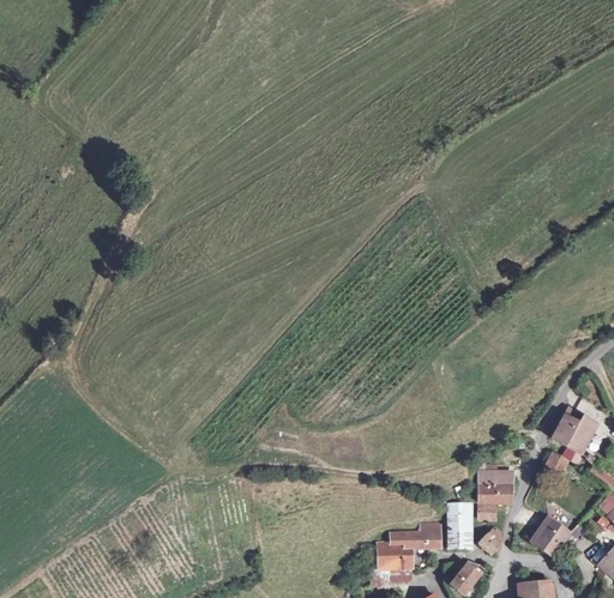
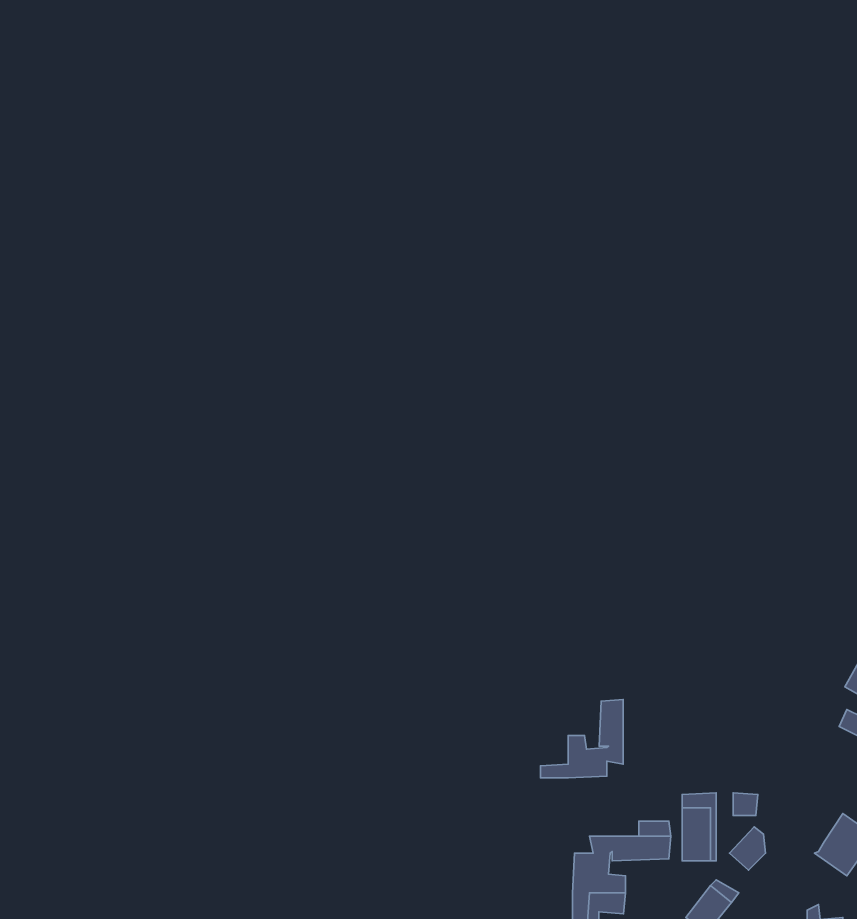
building: none -> [540,700,623,778]
building: [478,470,513,502] -> none

